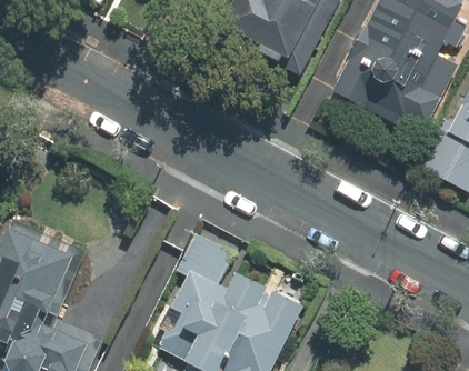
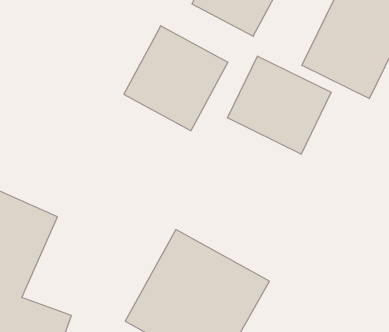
building: none -> [124,26,228,131]
building: none -> [227,56,331,154]

